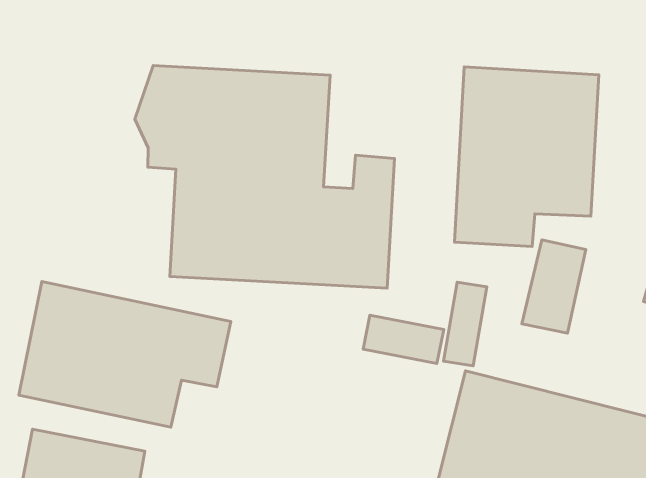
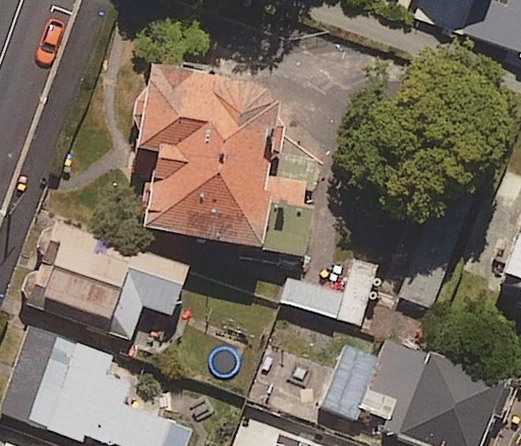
building: [455,67,599,246] -> none

